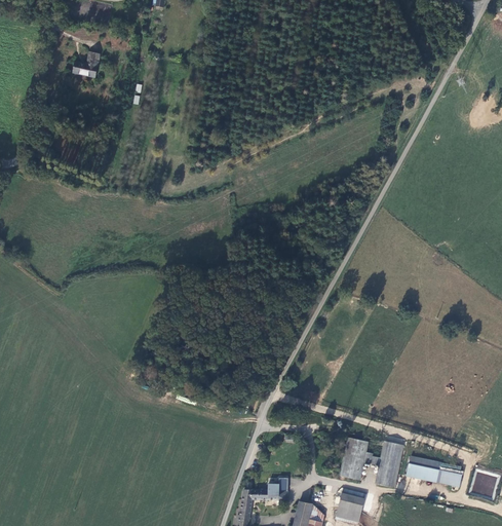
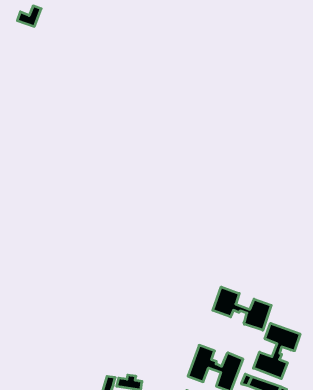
building: none -> [213,287,271,330]
building: none -> [253,323,300,379]

